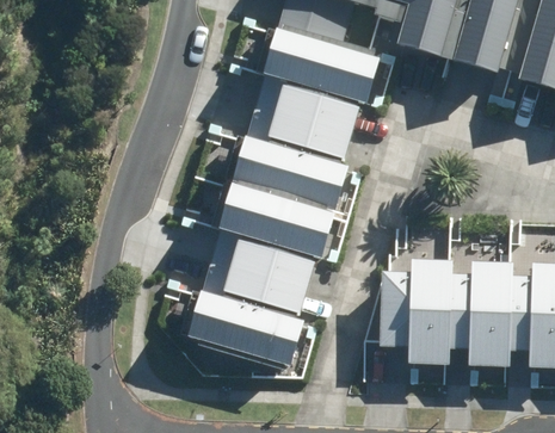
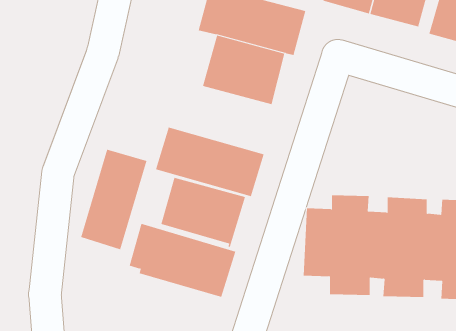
building: [233,135,352,206] -> none
building: none -> [81,149,147,250]

